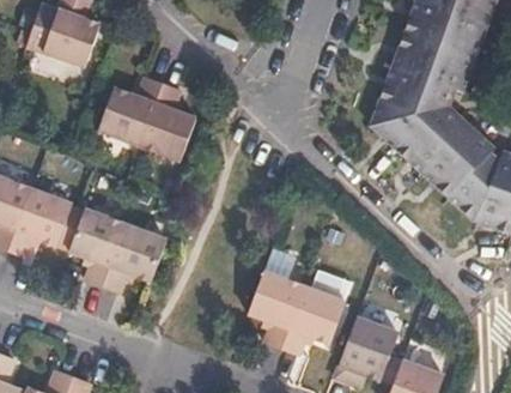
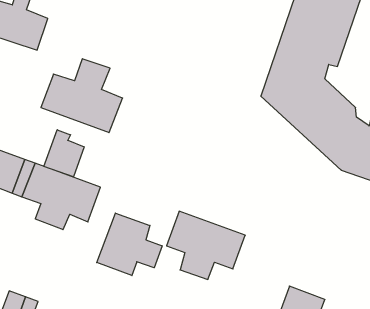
building: none -> [44,130,84,177]
building: none -> [97,213,162,276]
building: [336,314,404,381] -> none

